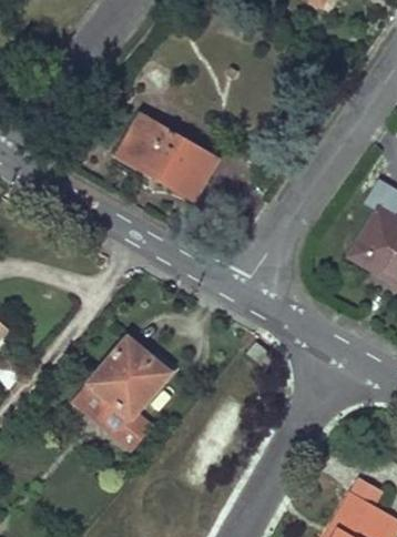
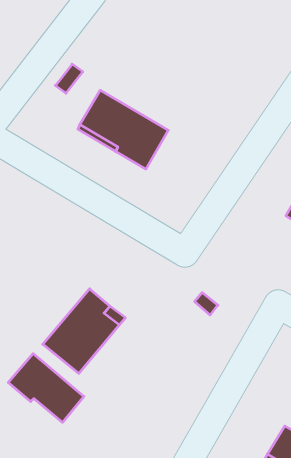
building: none -> [8,354,84,422]

